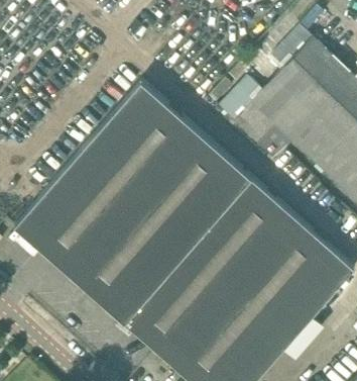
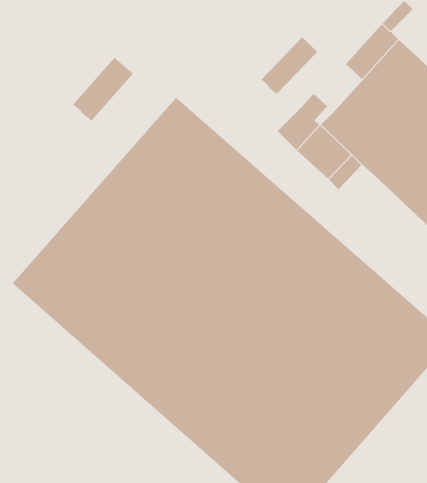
building: none -> [260,37,318,95]
building: none -> [72,57,134,122]

